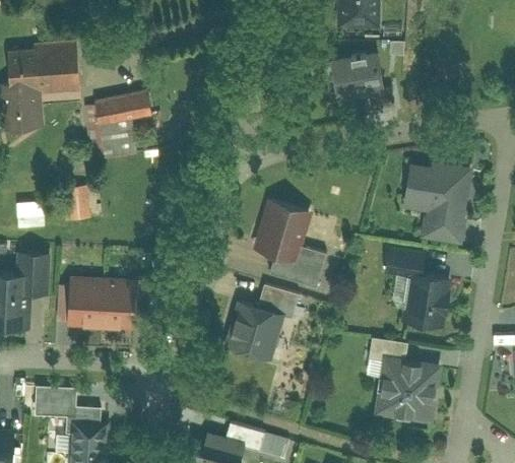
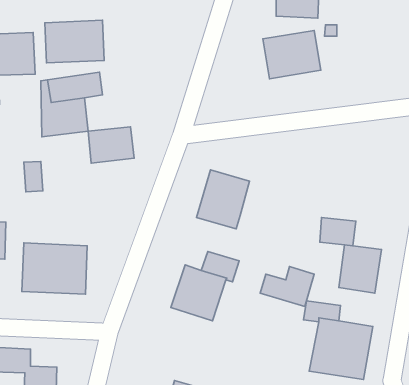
building: none -> [45,20,104,63]
building: none -> [88,127,134,163]
building: [402,163,471,248] -> none
building: [267,247,325,289] -> [260,266,314,306]

